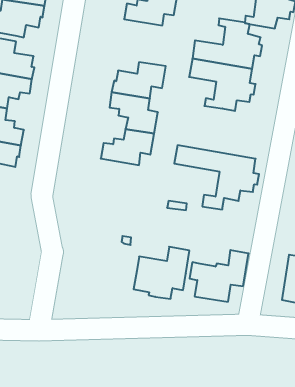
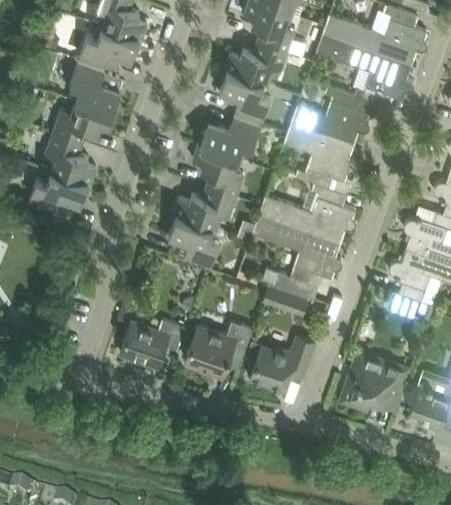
building: none -> [219,68,271,121]
building: none -> [260,182,356,242]
building: none -> [168,213,220,267]
building: none -> [263,282,309,315]
building: none -> [120,319,185,367]

